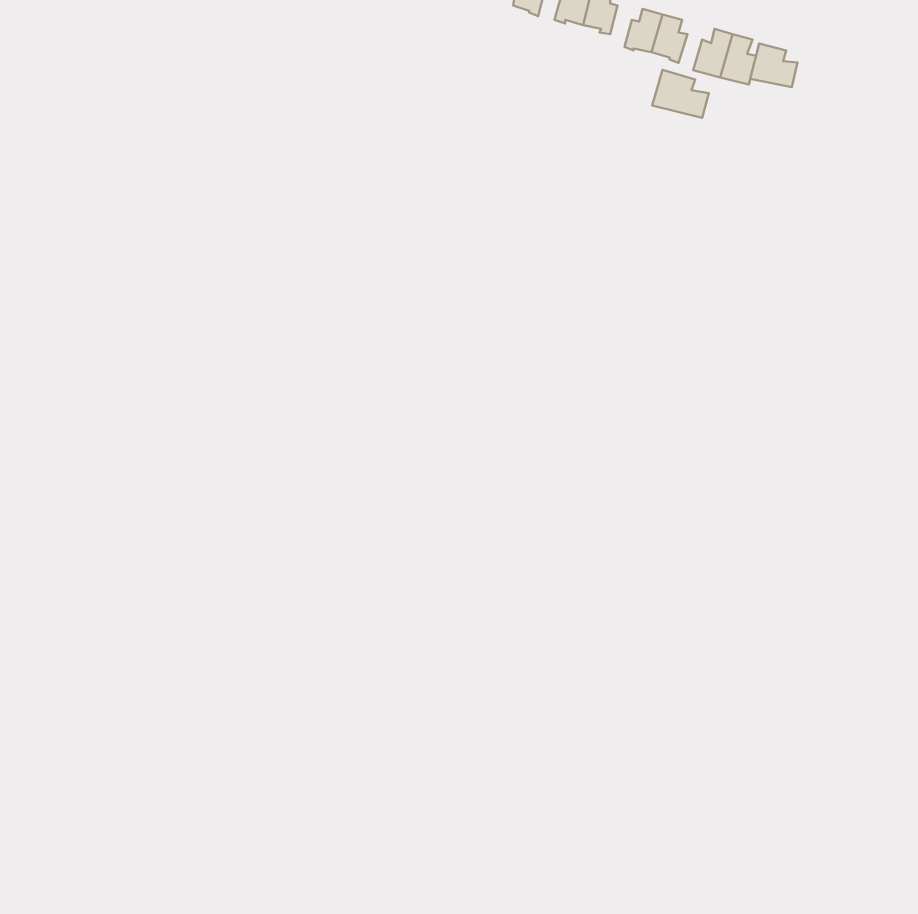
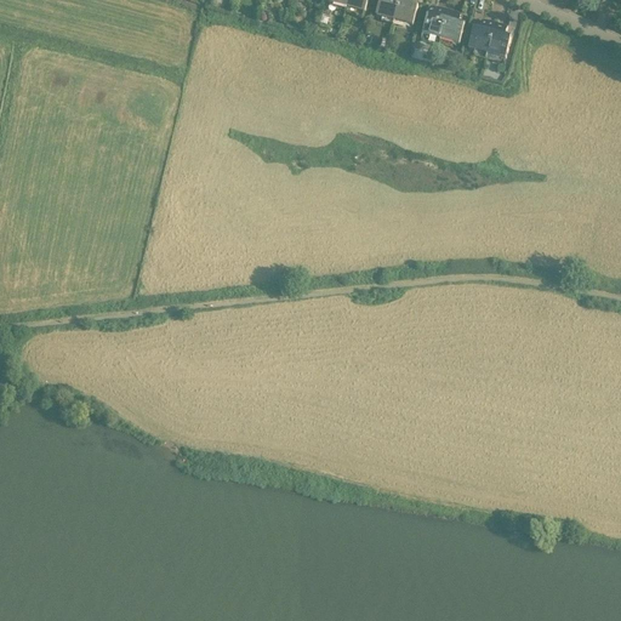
building: [750,44,798,87] -> none
building: [652,70,709,118] -> none

